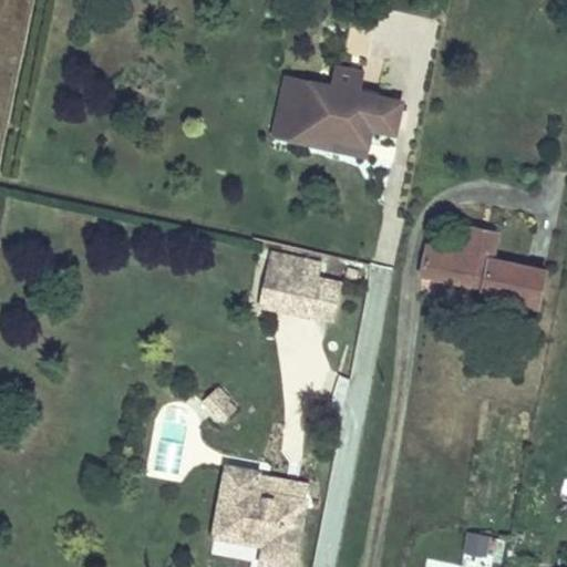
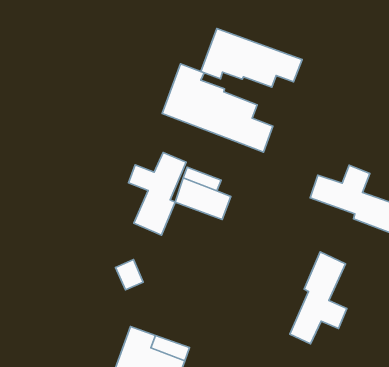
building: none -> [162,64,273,152]
building: none -> [128,152,186,235]
building: none -> [290,252,347,344]

